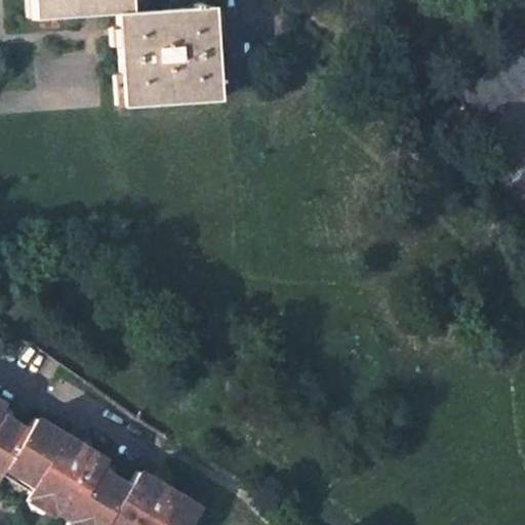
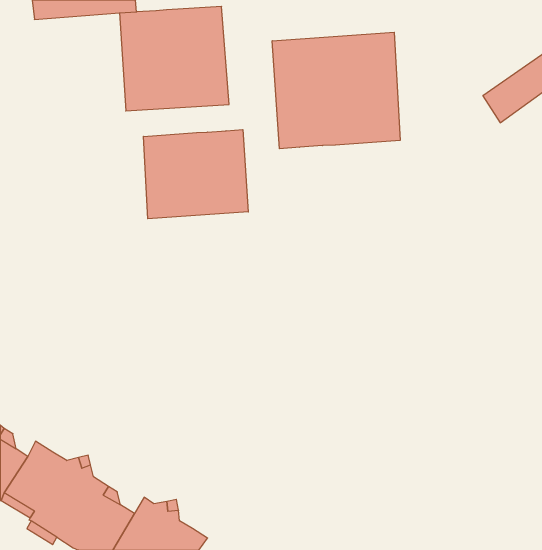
building: none -> [272,32,400,149]
building: none -> [143,130,248,219]

